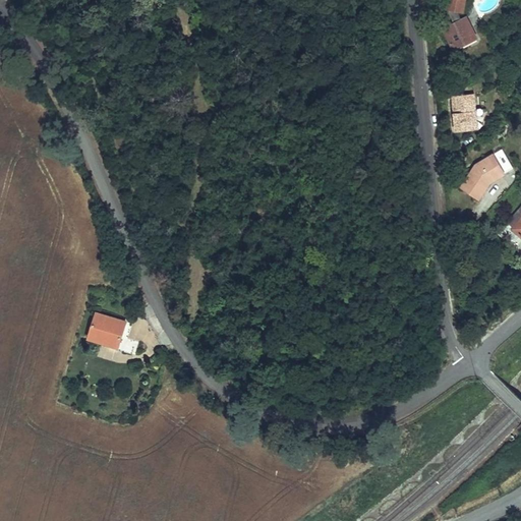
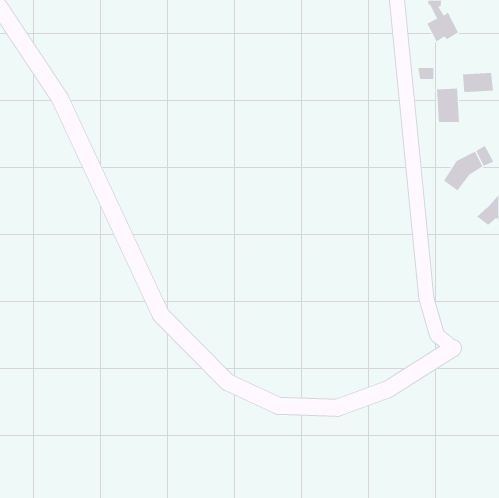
building: none -> [463,72,494,93]
building: [88,313,125,348] -> none

